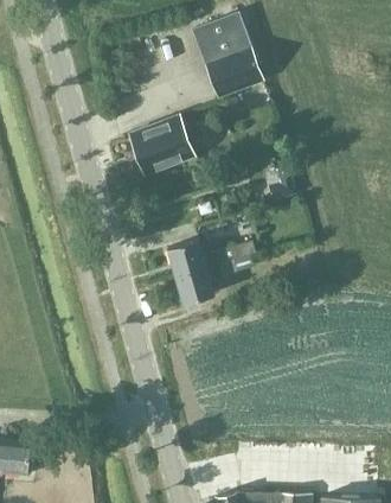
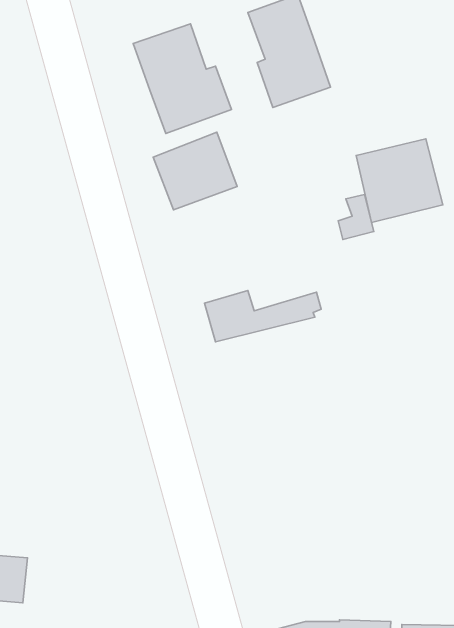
building: none -> [133,24,232,134]
building: none -> [356,139,443,223]
building: [175,259,254,303] -> none

